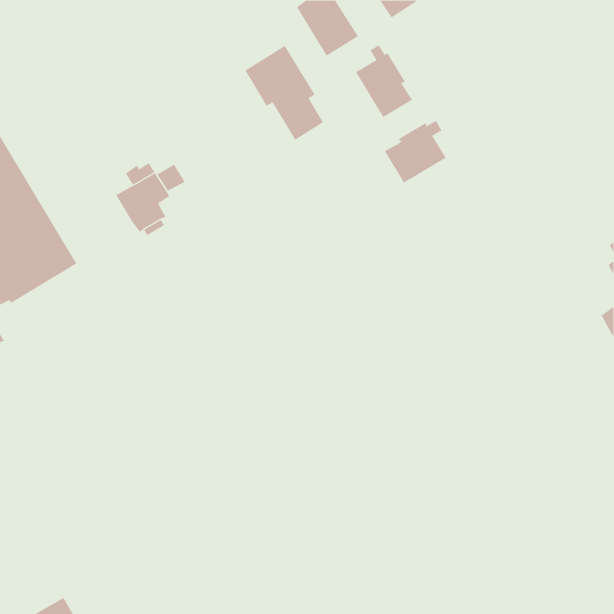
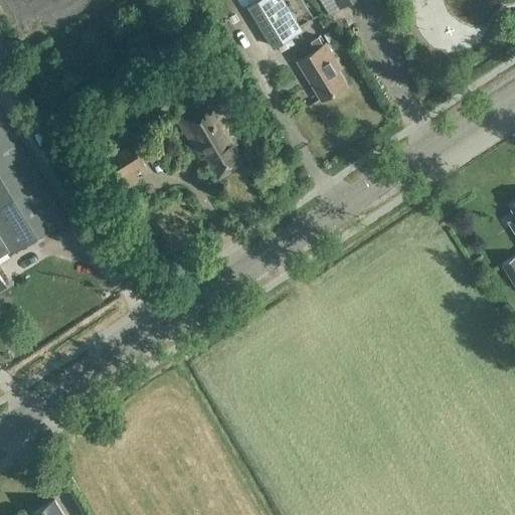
building: [244,45,324,140] -> [175,98,241,177]
building: [384,120,446,183] -> none

